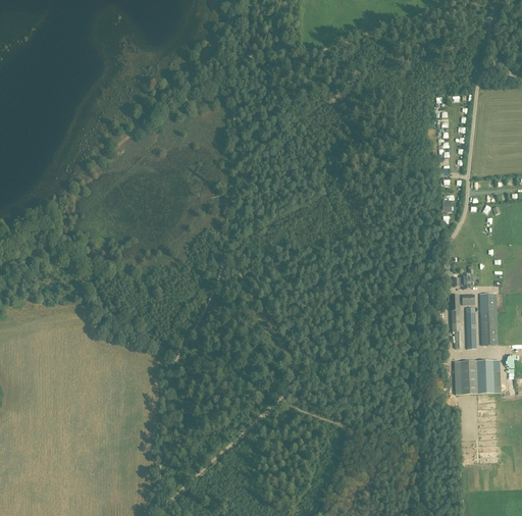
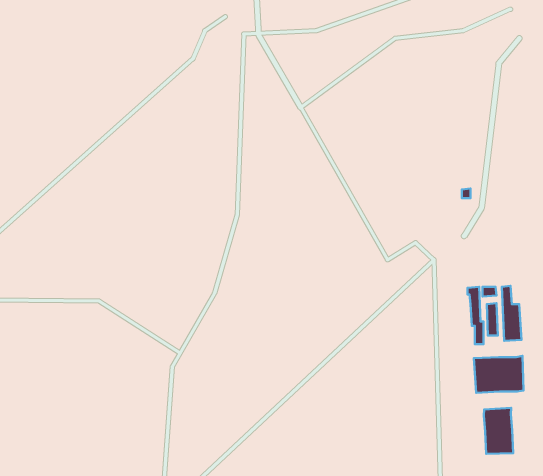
building: none -> [484,408,513,454]

